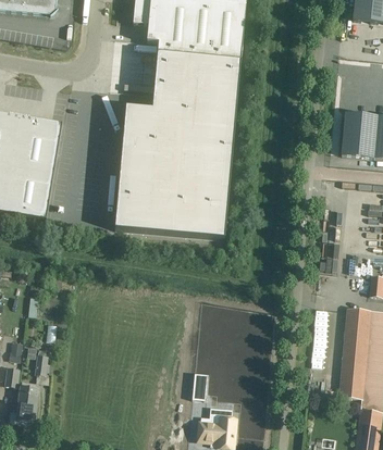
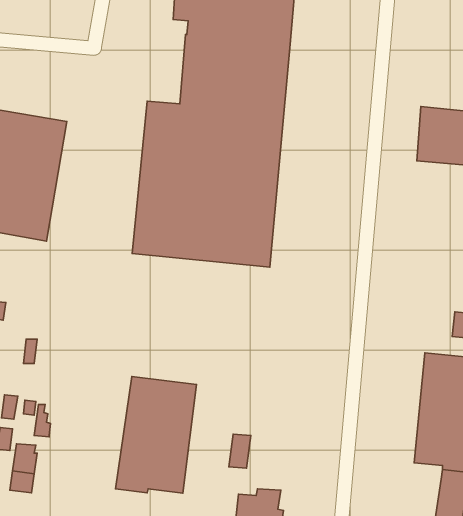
building: none -> [115,377,197,493]

